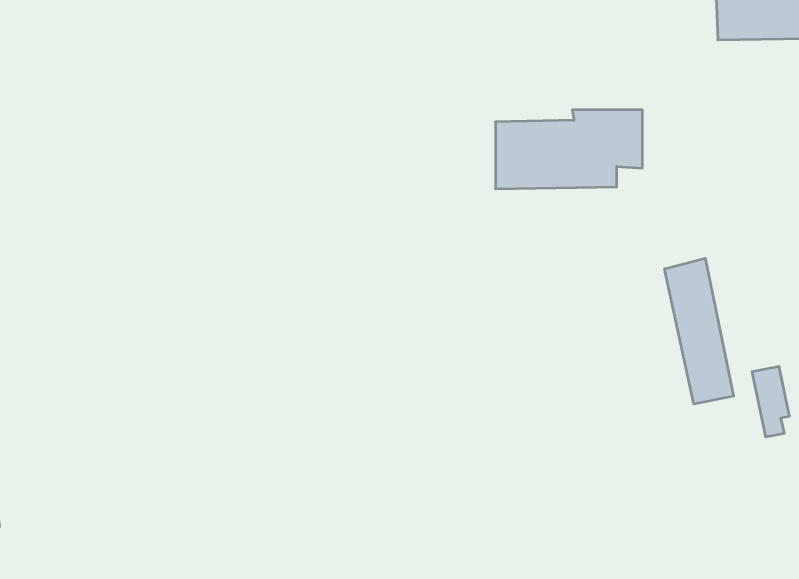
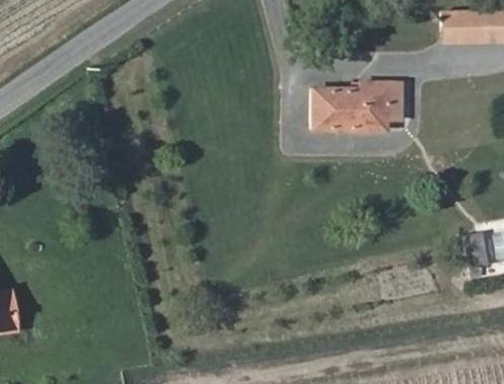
building: [665,258,734,404] -> none

